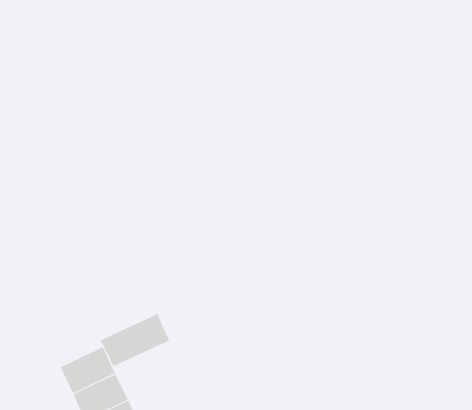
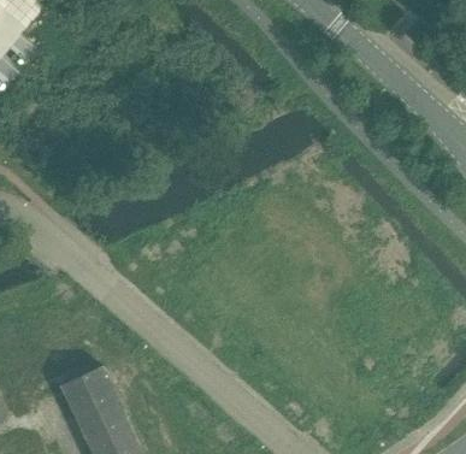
building: [100,313,170,367] -> none

